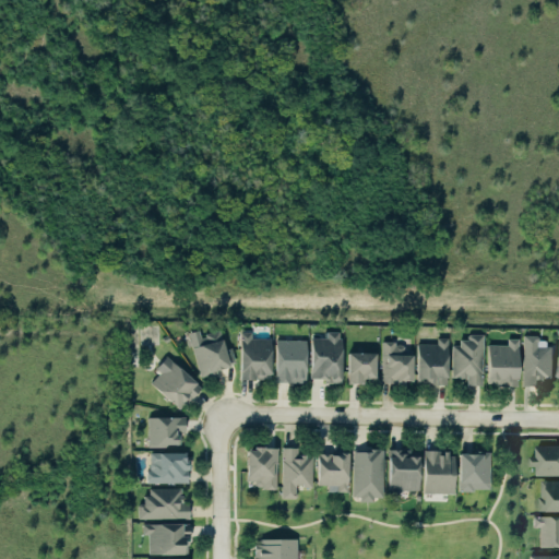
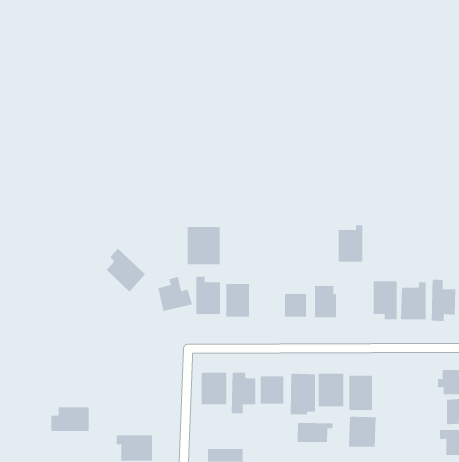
building: none -> [187,226,220,265]
building: [311,333,342,382] -> none
building: [417,340,448,384] -> [338,225,363,262]
building: [153,357,201,411] -> [106,248,146,292]
building: [150,417,186,447] -> none
building: [152,453,189,484] -> none
building: [457,453,491,490] -> [348,416,376,447]
building: [141,489,188,519] -> [50,407,89,431]
building: none -> [297,422,333,443]

